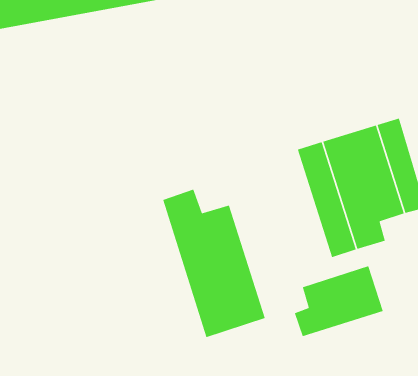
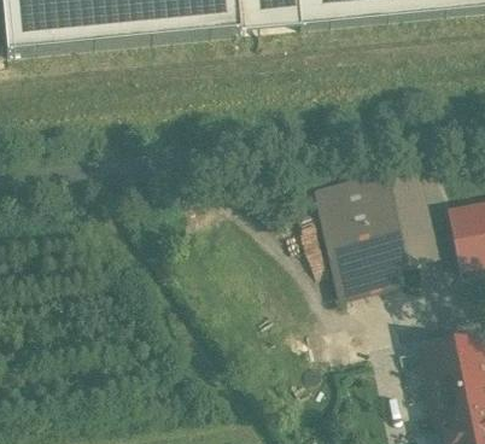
building: [162,188,266,338] -> none
building: [294,265,384,337] -> none

